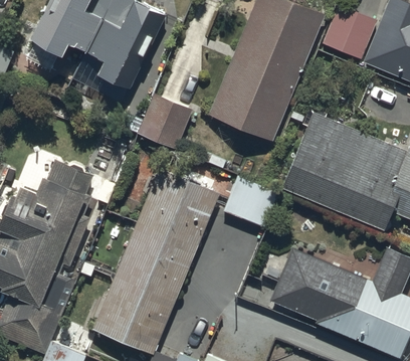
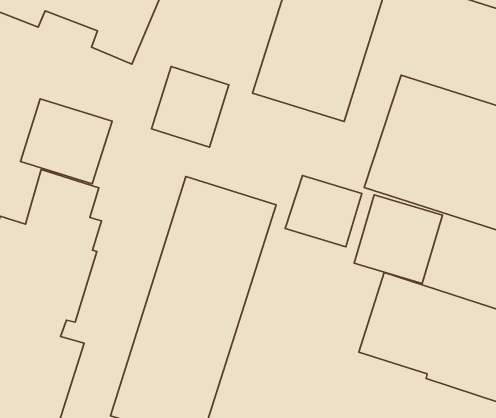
building: none -> [20,99,112,184]
building: none -> [354,195,442,283]

